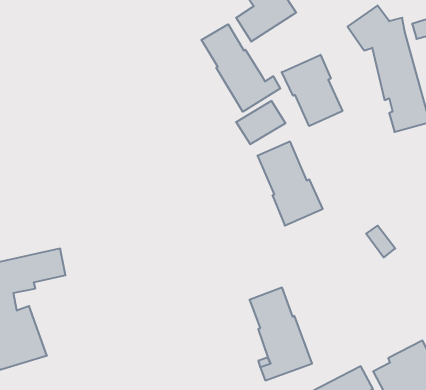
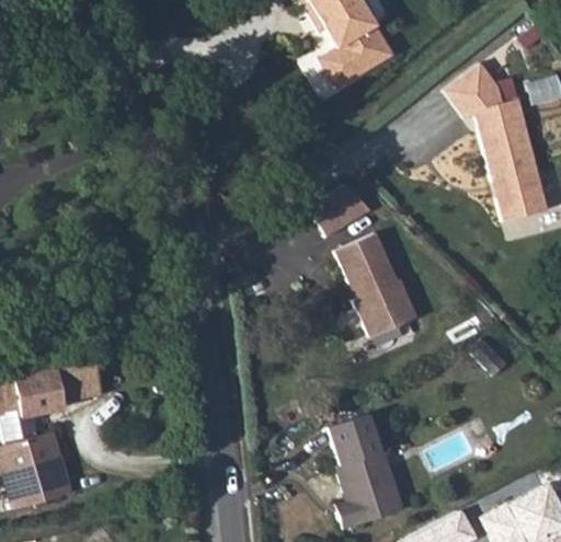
building: [201,24,280,112] -> none
building: [282,55,342,126] -> none

